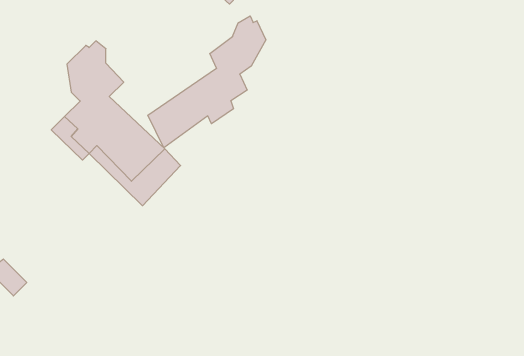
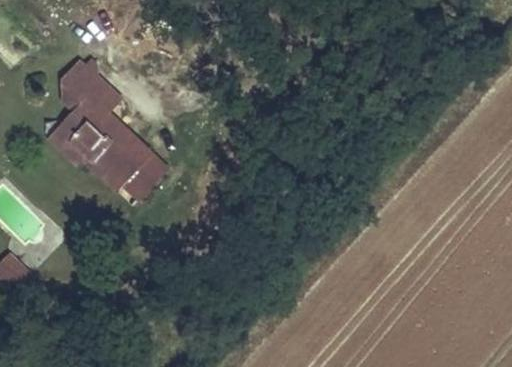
building: [148,16,266,148] -> none

